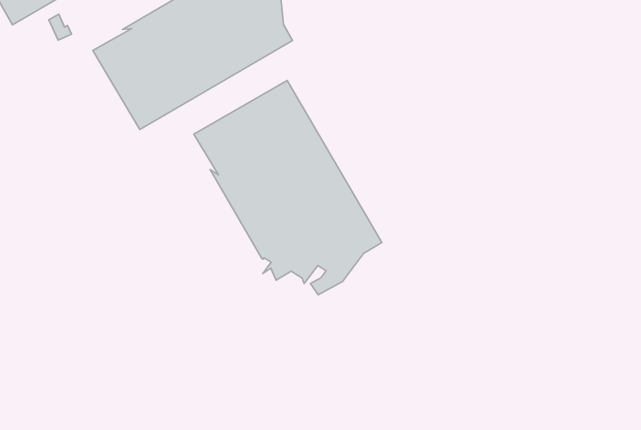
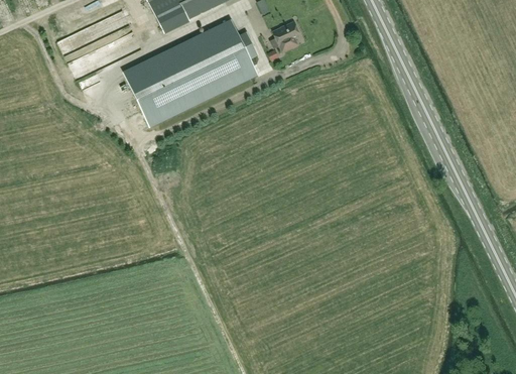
building: [194,81,382,295] -> none

